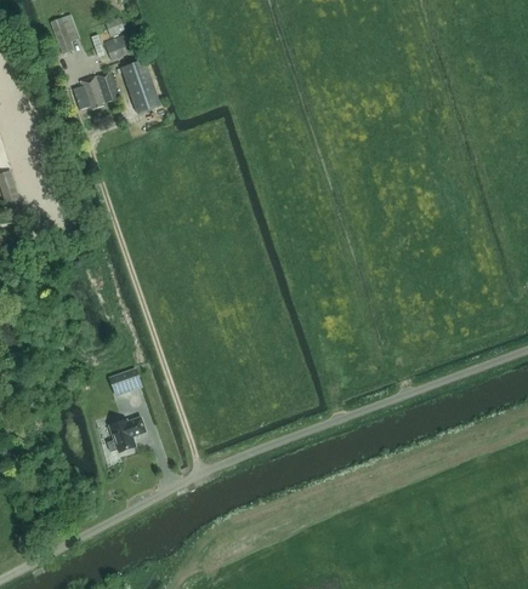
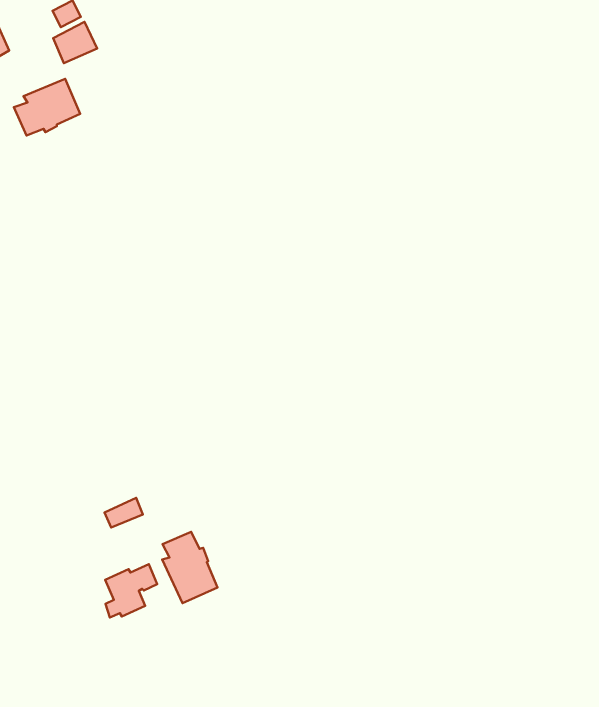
building: [120,59,159,114] -> none
building: none -> [162,532,218,603]

